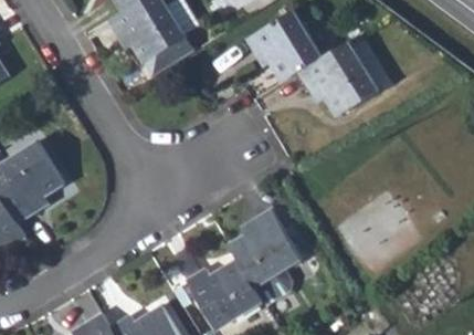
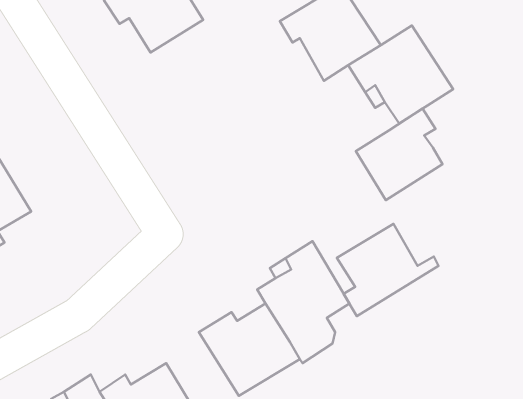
building: none -> [356,109,443,200]
building: none -> [337,224,438,316]

